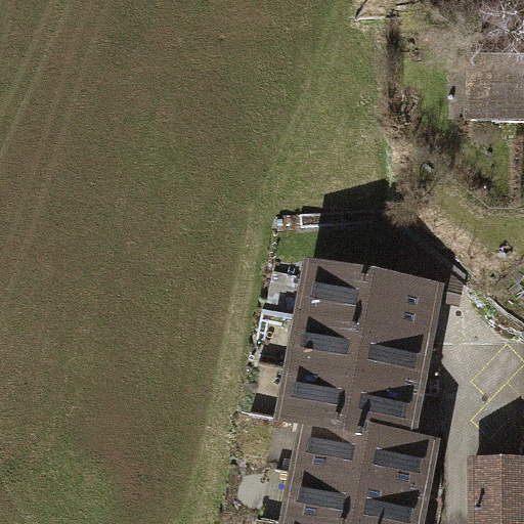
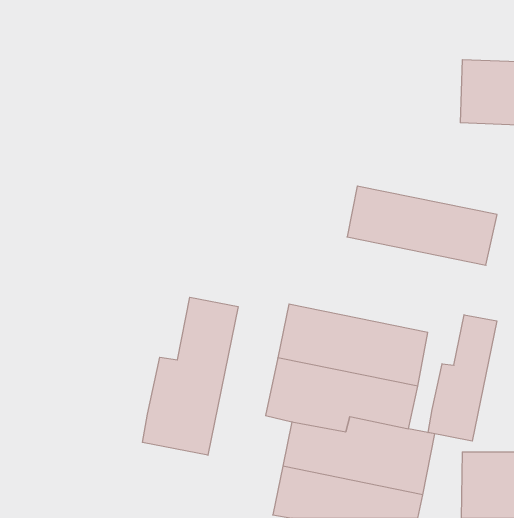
building: [296,256,447,336] -> [347,186,497,265]
building: none -> [142,297,238,455]
building: none -> [428,315,497,441]

